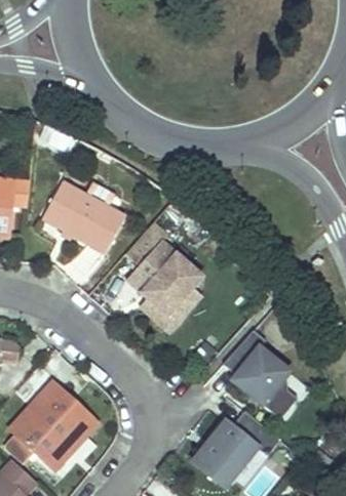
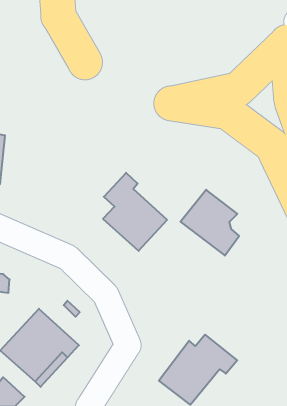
building: [44,182,126,251] -> none
building: [229,344,297,420] -> [180,190,239,256]

